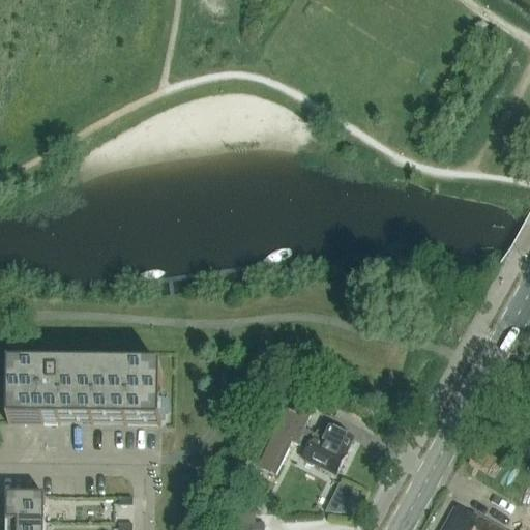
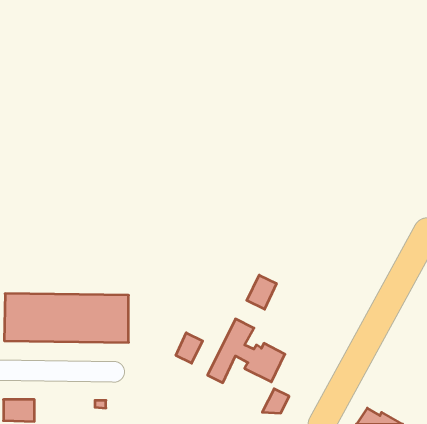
building: none -> [247,275,276,309]
building: none -> [176,333,203,363]

